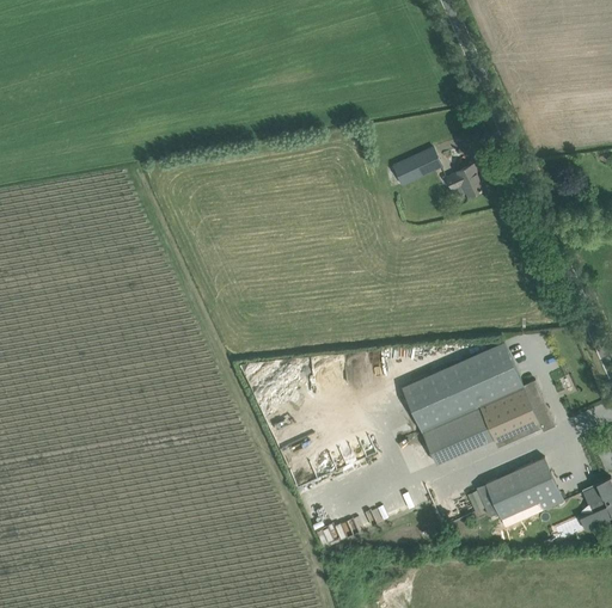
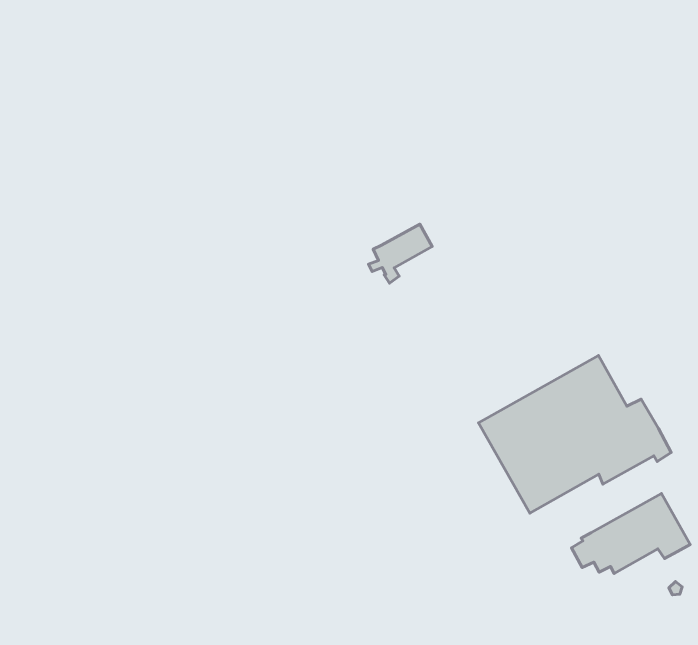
building: [388,148,441,194] -> [369,224,432,283]
building: [446,166,485,197] -> none

